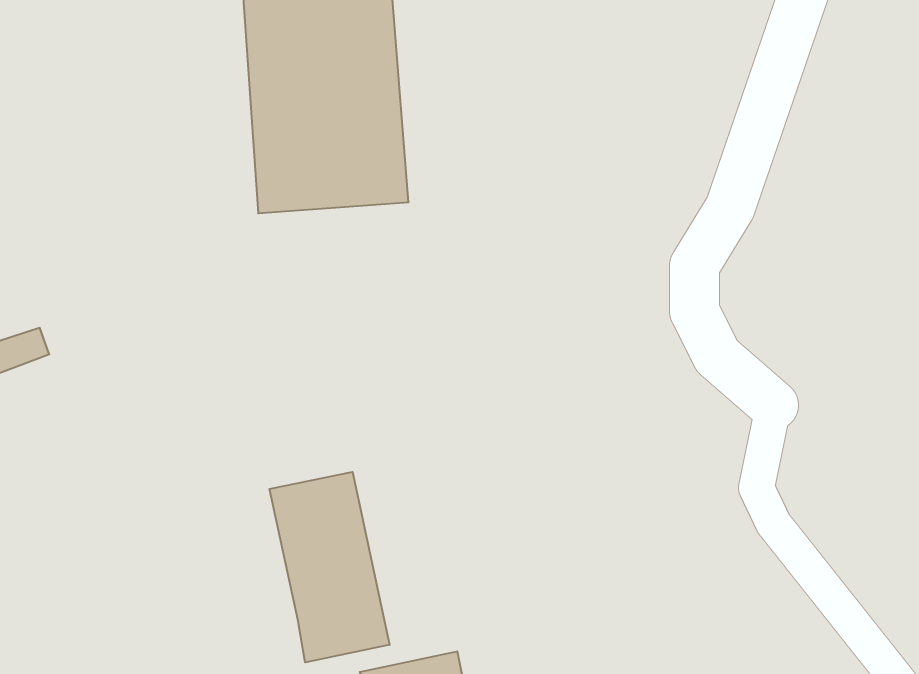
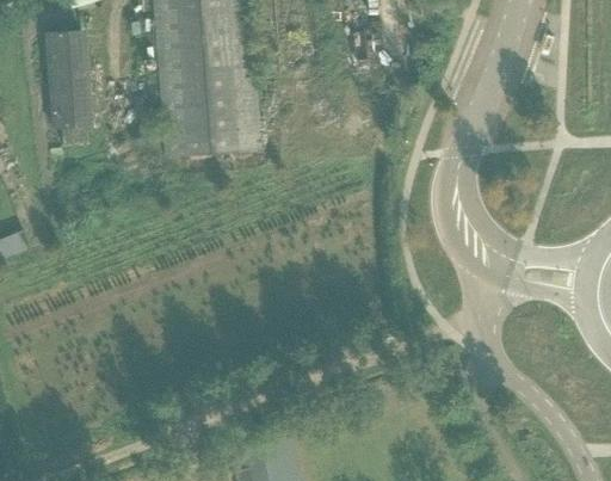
building: none -> [47,31,88,147]
building: [270,472,390,662] -> none

